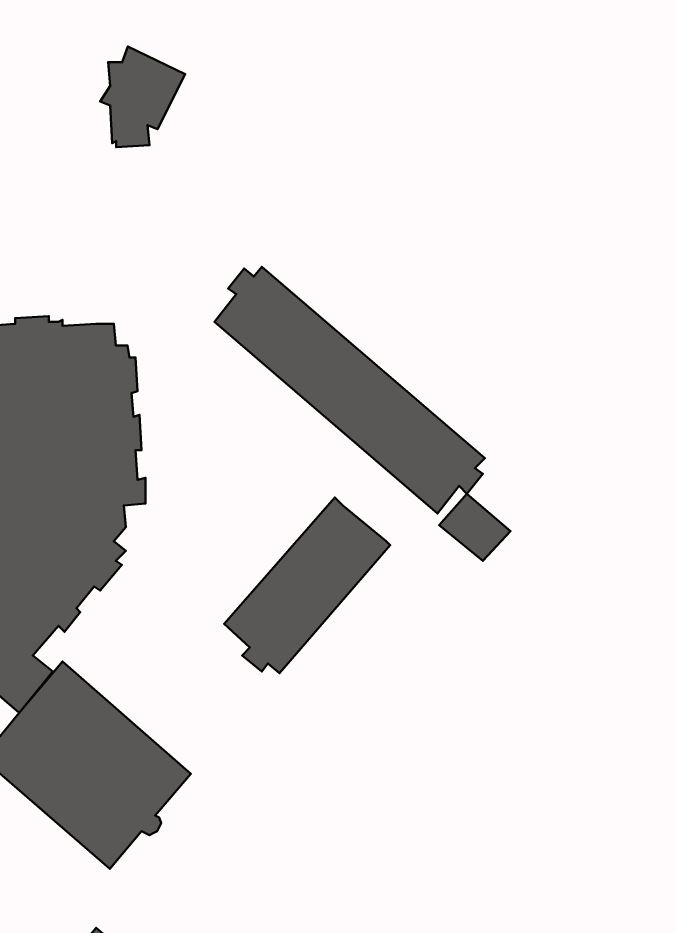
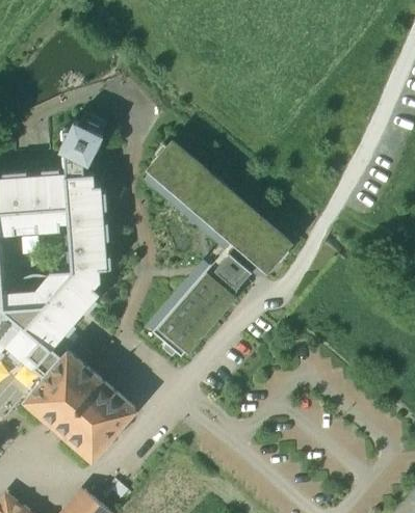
building: [100,46,185,147] -> [59,122,104,174]
building: [439,494,510,561] -> [215,252,253,288]

